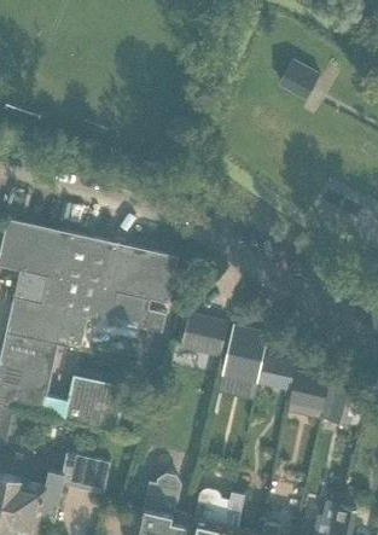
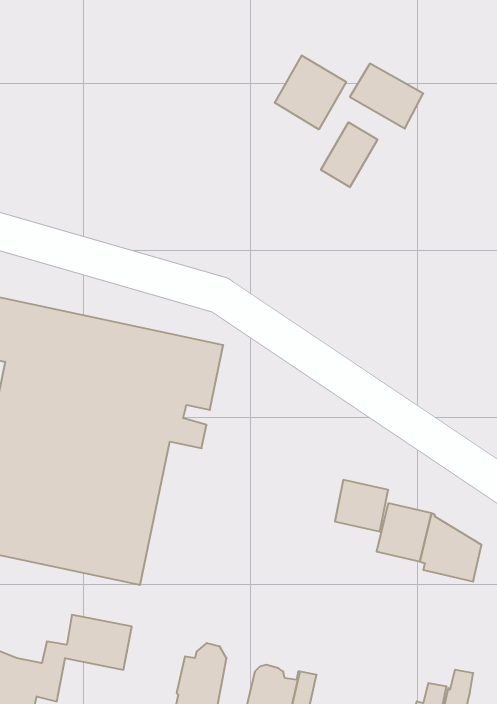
building: none -> [275,55,346,129]
building: none -> [321,122,377,187]
building: [180,314,227,359] -> none
building: [221,326,268,388] -> none

